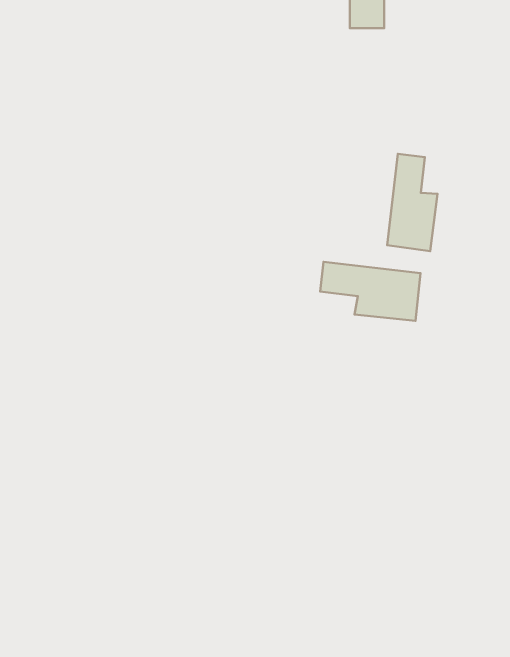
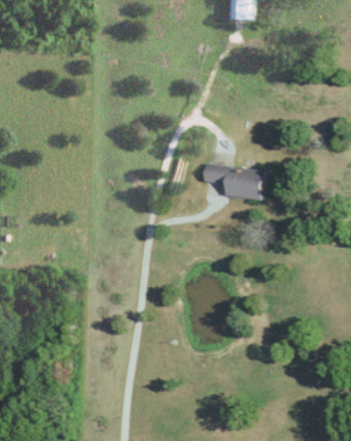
building: [387,154,437,251] -> none

